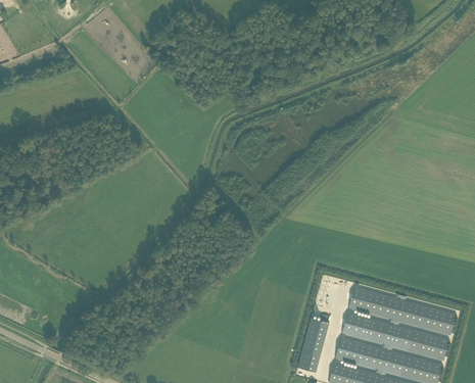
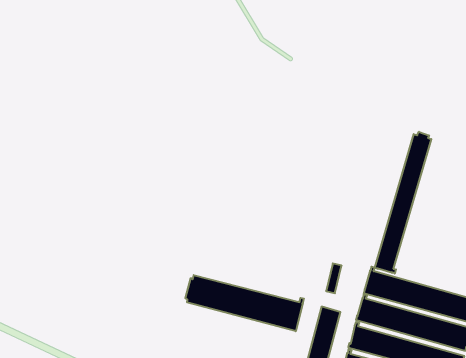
building: none -> [375,132,431,274]
building: none -> [185,275,304,331]

